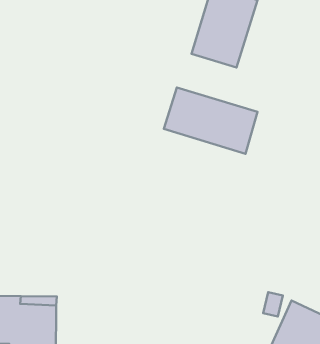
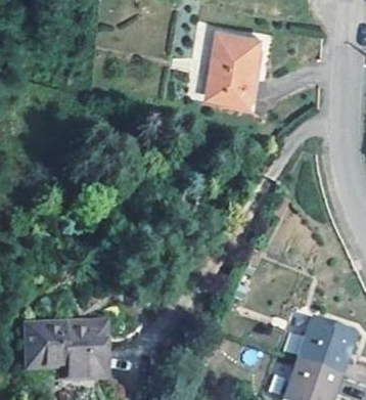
building: [164,87,258,154] -> none

